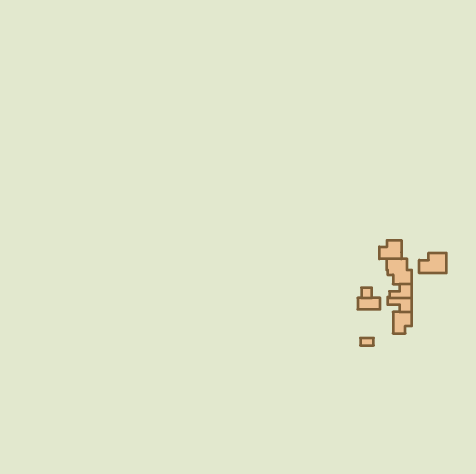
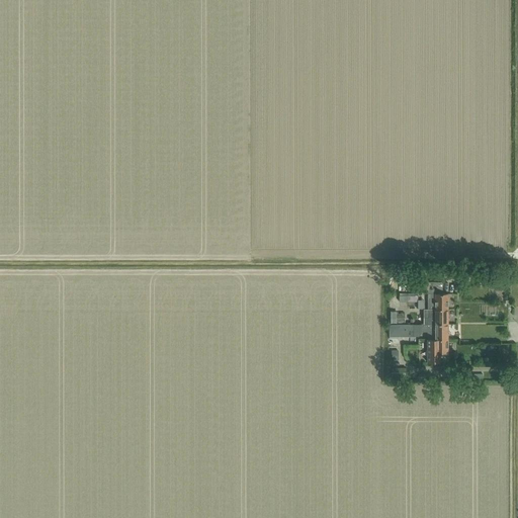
building: [379,240,401,259] -> none
building: [419,253,446,273] -> none

